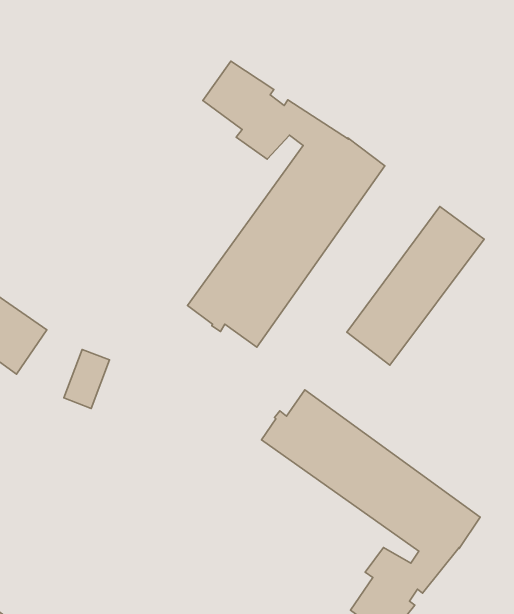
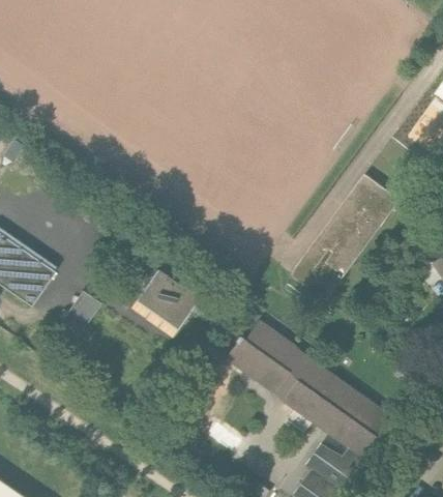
building: [187,61,385,347] -> none
building: none -> [134,268,198,329]

